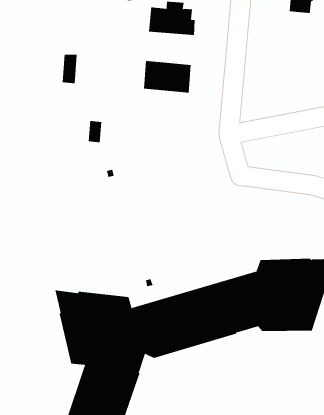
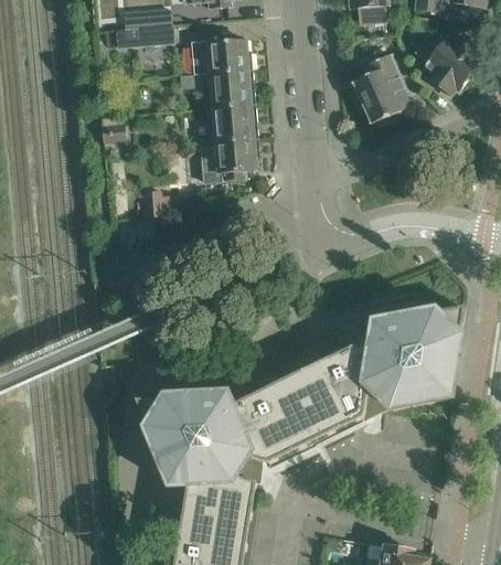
building: none -> [351,40,411,125]
building: none -> [179,68,254,107]
building: none -> [201,138,258,180]

